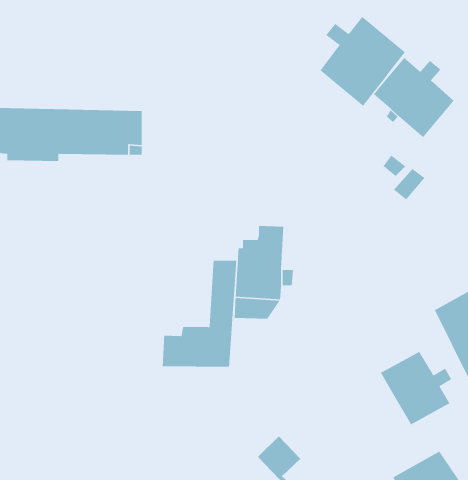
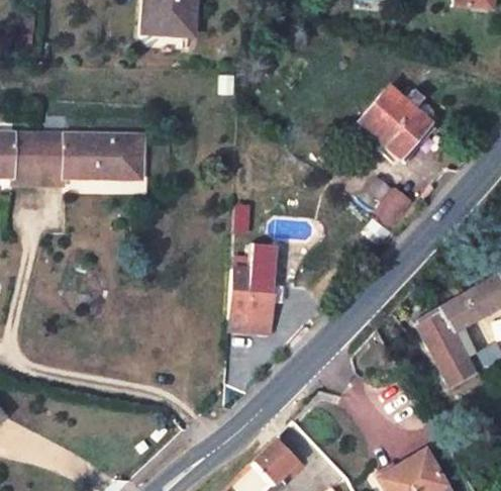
building: [319,16,406,107] -> none
building: [162,260,237,367] -> none
building: [380,351,452,425] -> none

